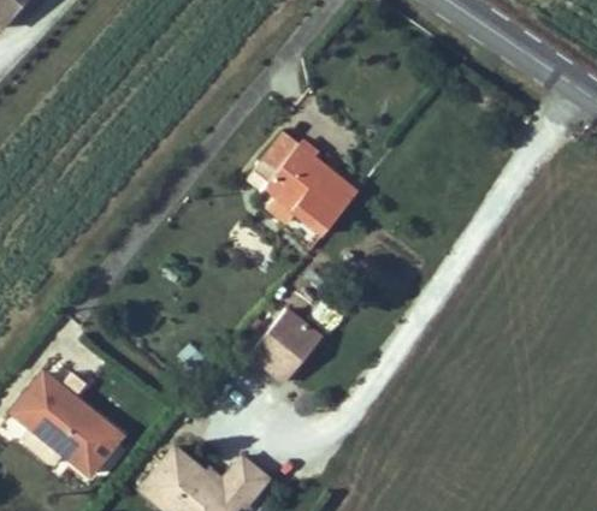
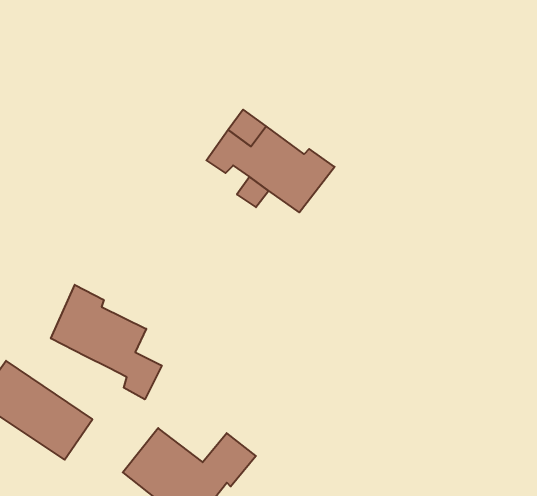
building: [258,302,327,374] -> none
building: none -> [51,285,162,399]

